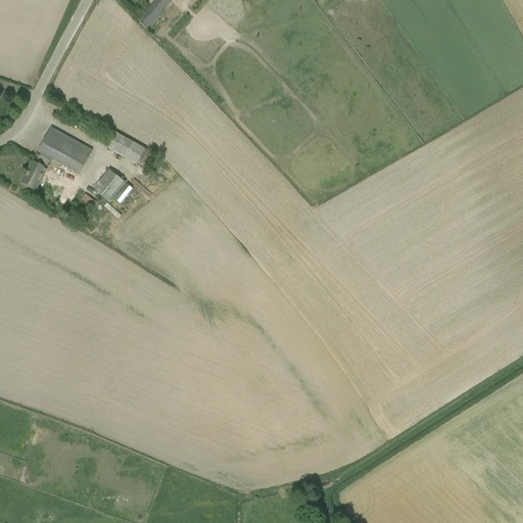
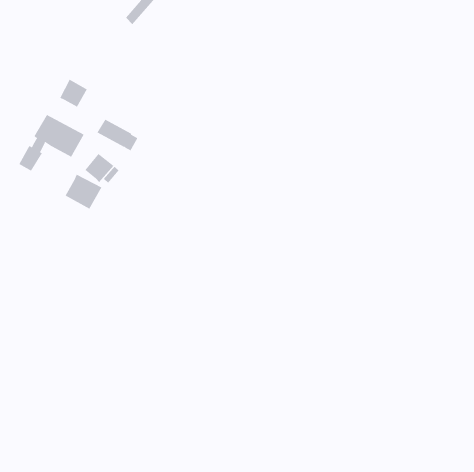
building: none -> [60,79,87,108]
building: none -> [65,174,102,210]

